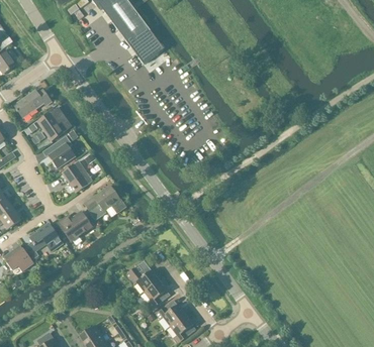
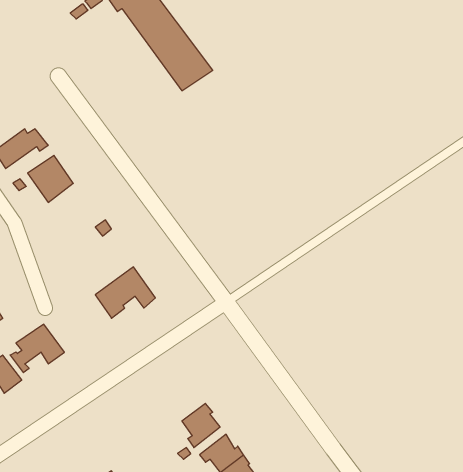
building: [48,135,75,168] -> none
building: [62,160,92,193] -> none
building: [58,212,92,241] -> none
building: [125,260,160,291] -> none

